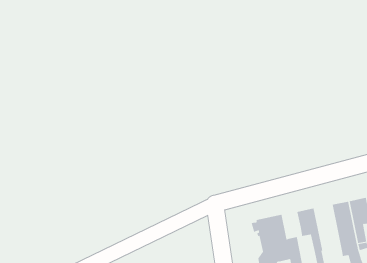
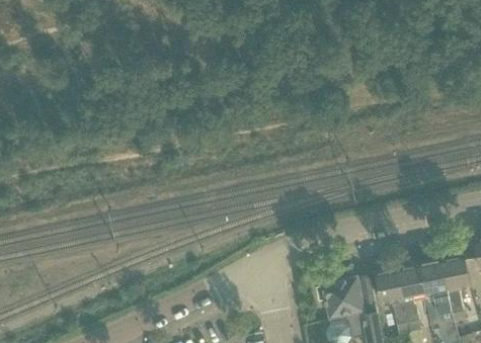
building: none -> [398,266,426,325]

